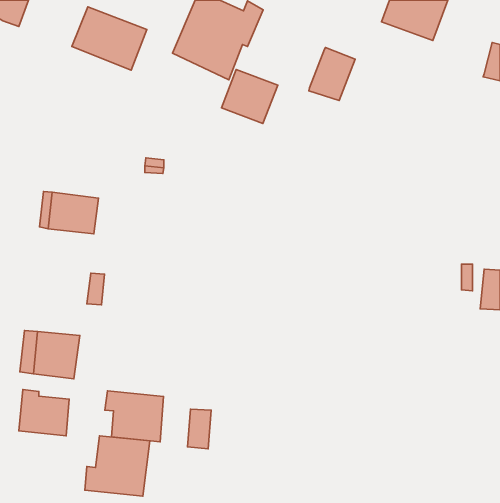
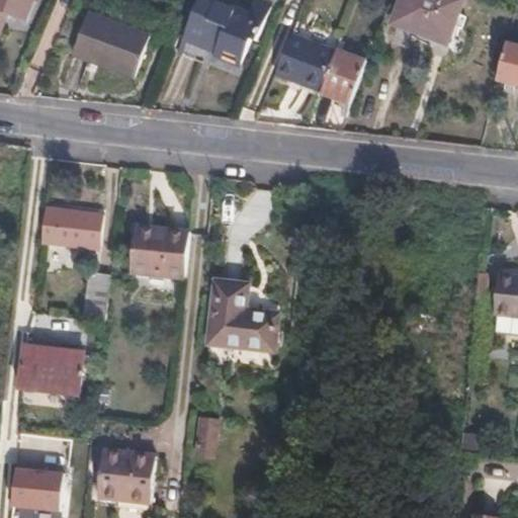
building: [221,69,278,124] -> [275,35,333,91]
building: none -> [128,223,188,272]
building: none -> [208,274,281,359]
building: [19,389,69,436] -> [11,461,63,509]
building: [105,391,164,442] -> none

